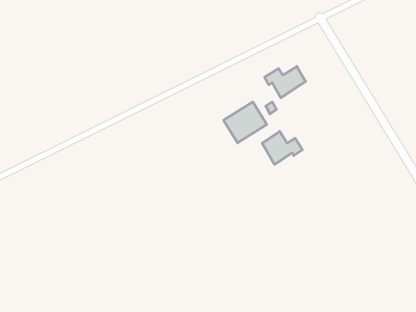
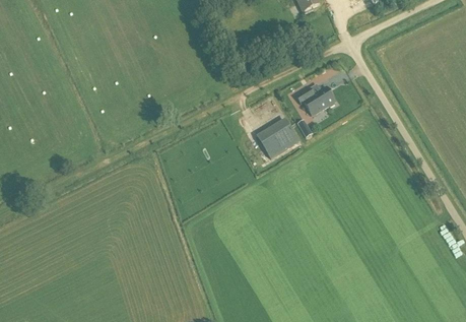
building: [262,131,302,164] -> none

